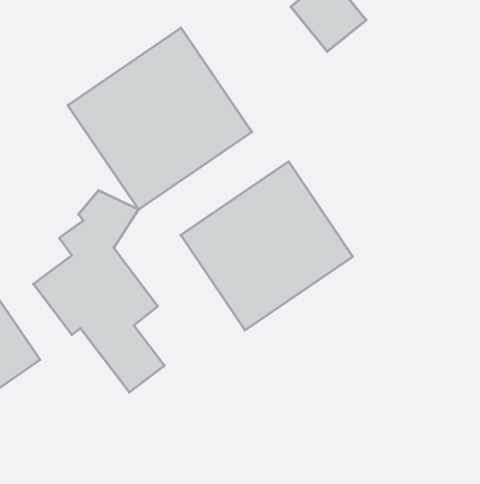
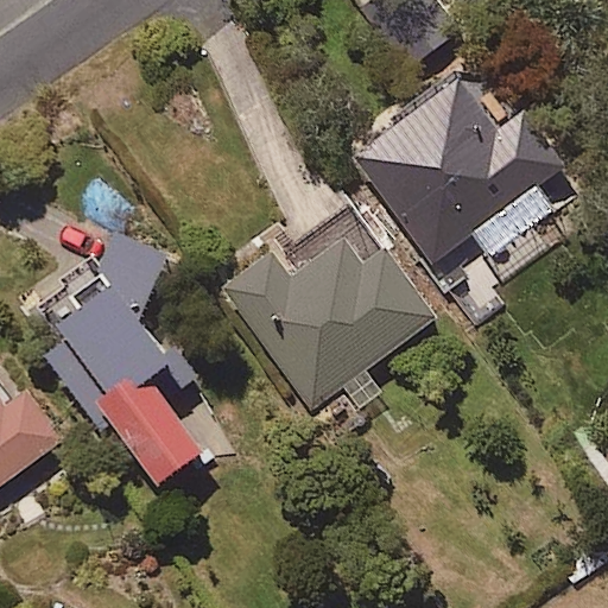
building: [68,28,252,209] -> none
building: none -> [354,86,566,262]

